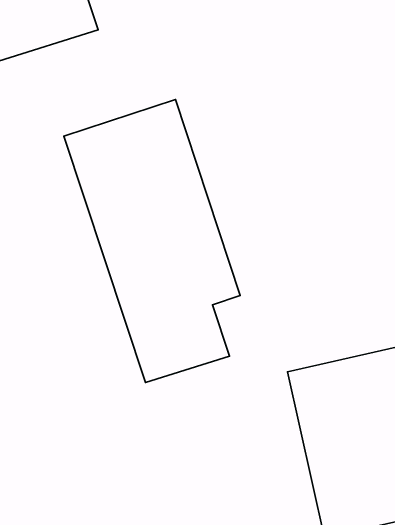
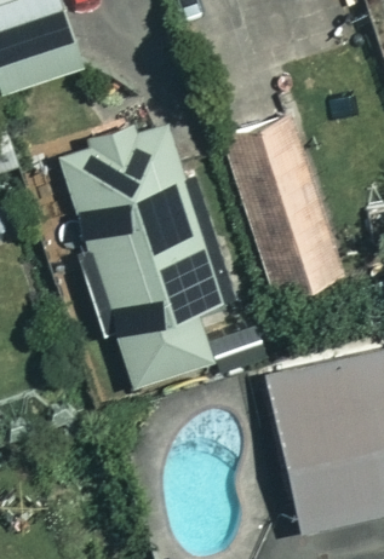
building: none -> [219,110,345,304]

